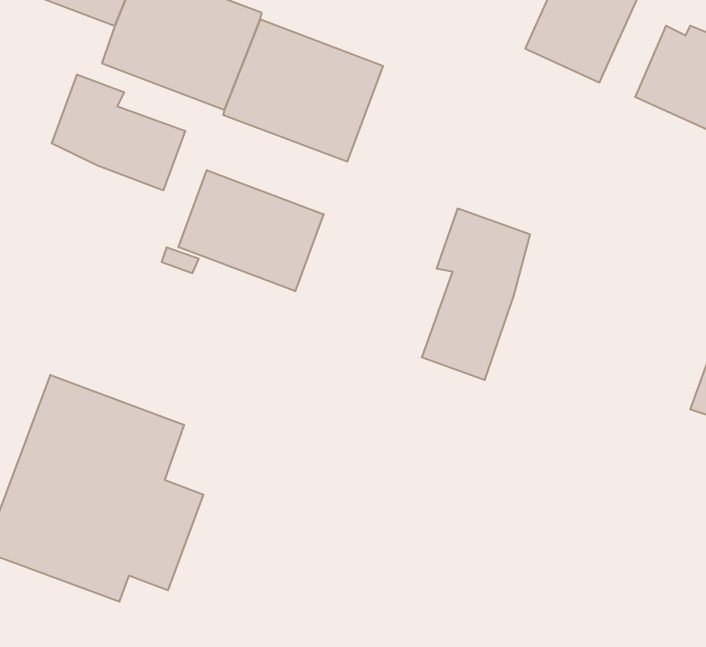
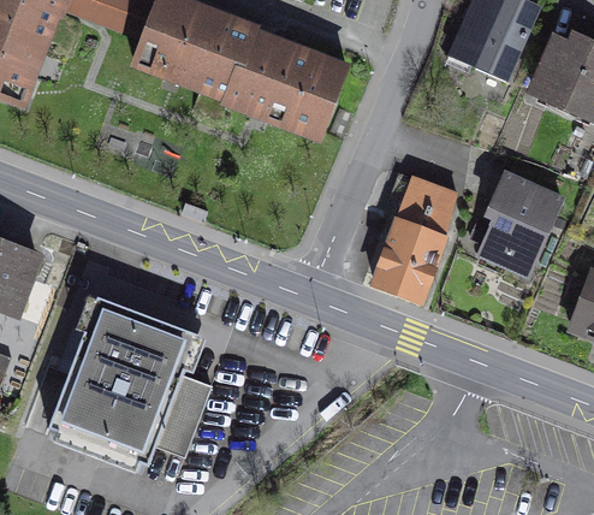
building: [52,75,185,190] -> none
building: [178,170,324,291] -> none
building: none -> [470,173,563,265]

